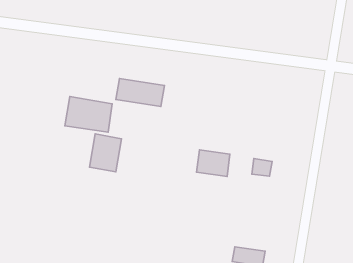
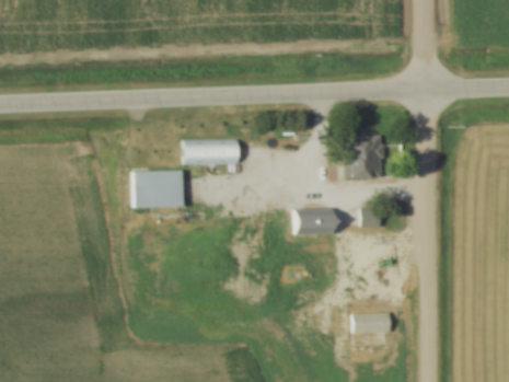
building: none -> [345,134,380,176]
building: [89,134,121,172] -> none

